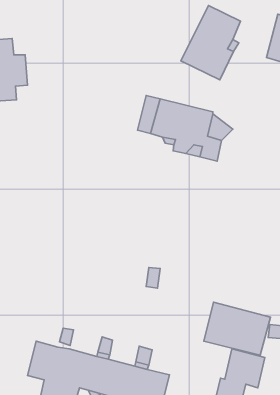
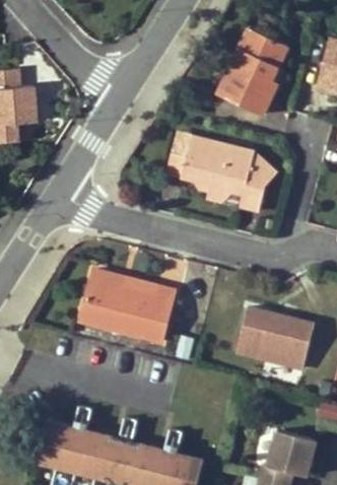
building: none -> [80,271,175,343]
building: [204,302,271,355] -> [237,306,315,368]

